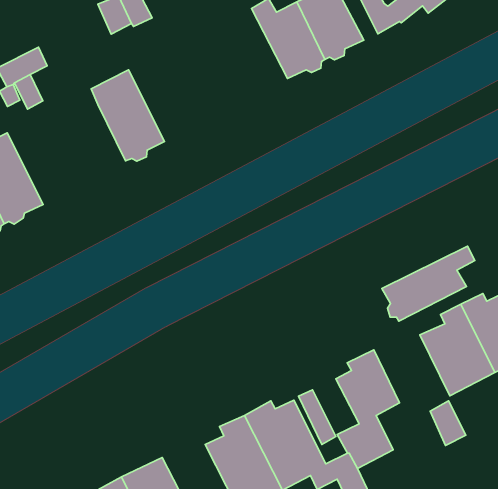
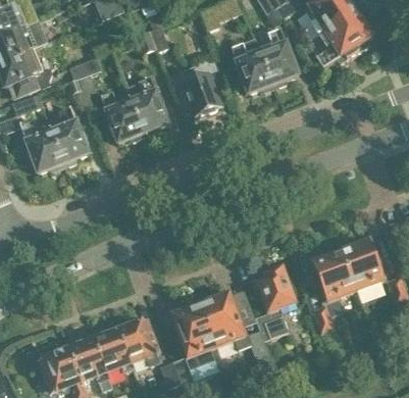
building: none -> [181,65,219,113]
building: none -> [100,91,142,142]
building: [382,246,475,321] -> none

